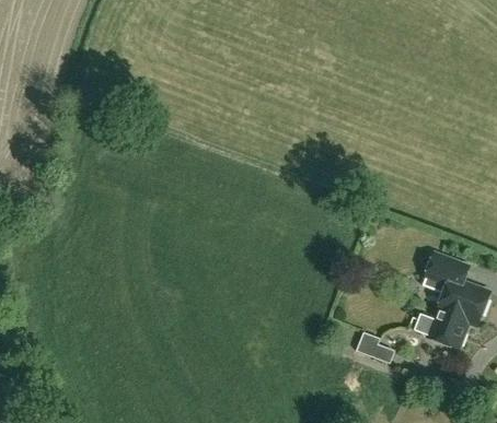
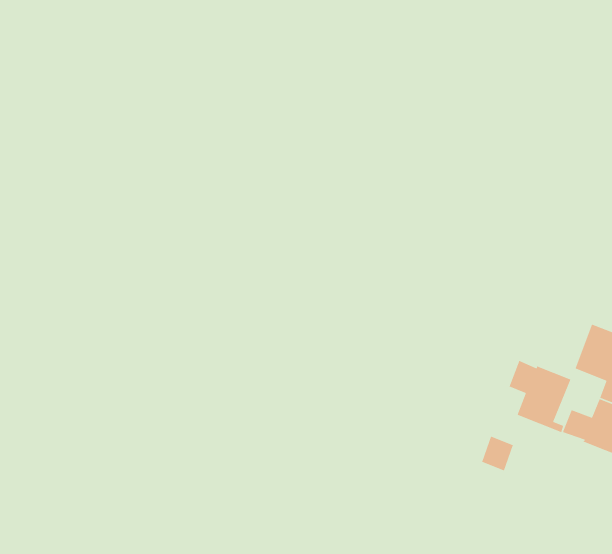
building: none -> [509,360,571,433]

